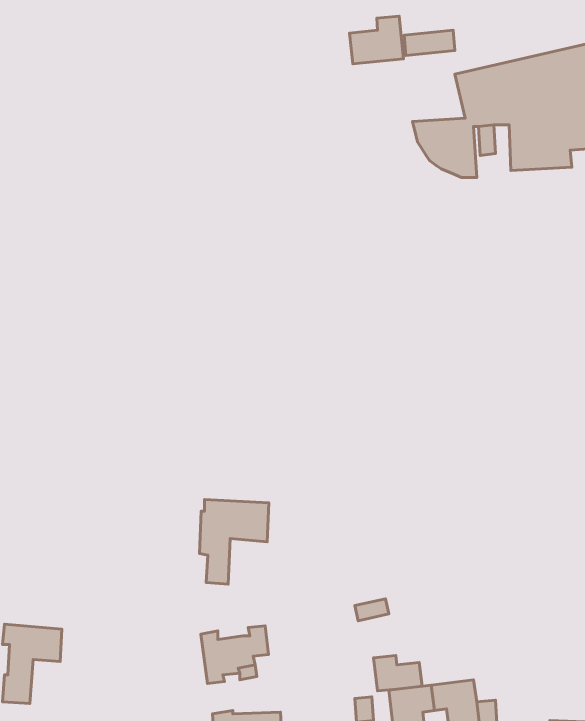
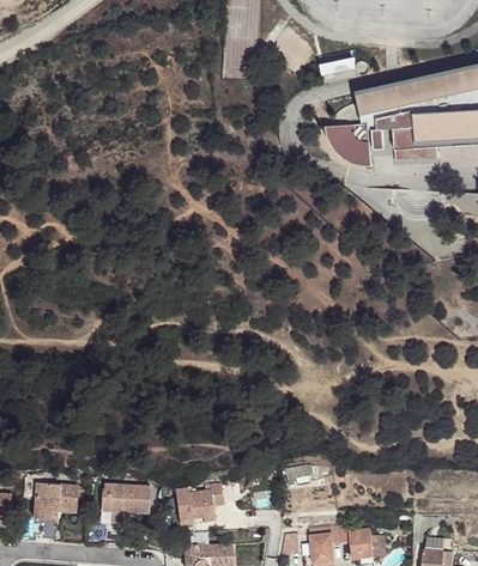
building: [350,16,403,64] -> none
building: [200,499,269,584] -> [101,483,150,543]
building: [373,656,422,691] -> none

